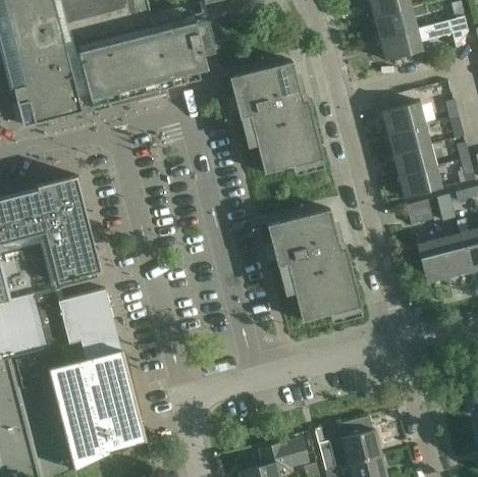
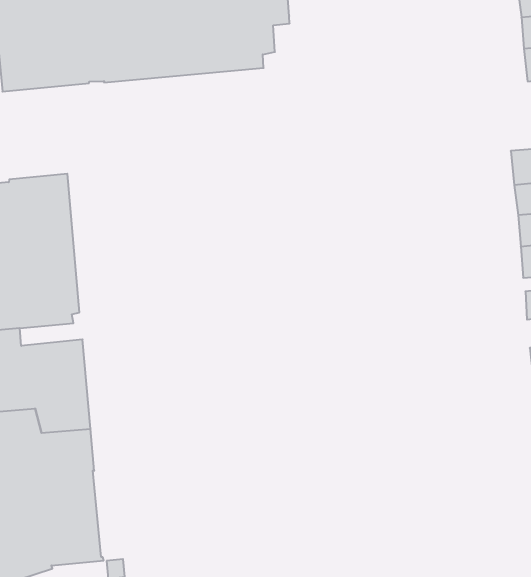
building: [229,60,321,172] -> none
building: [267,208,359,320] -> none

